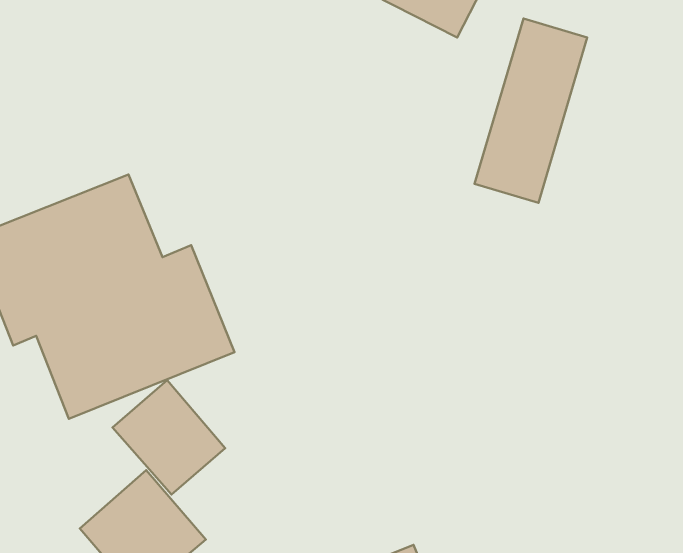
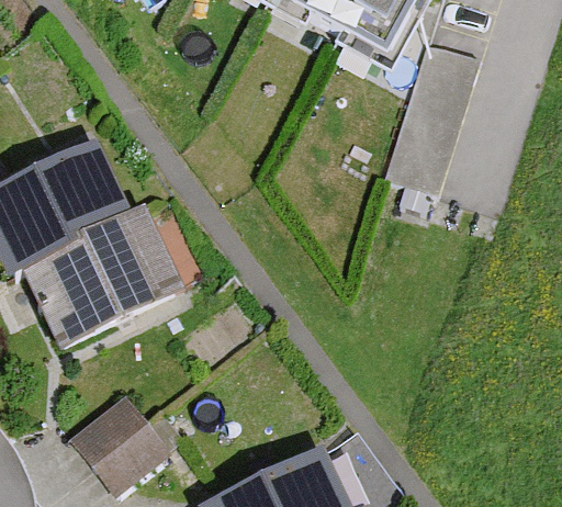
building: [112,380,225,495] -> none

